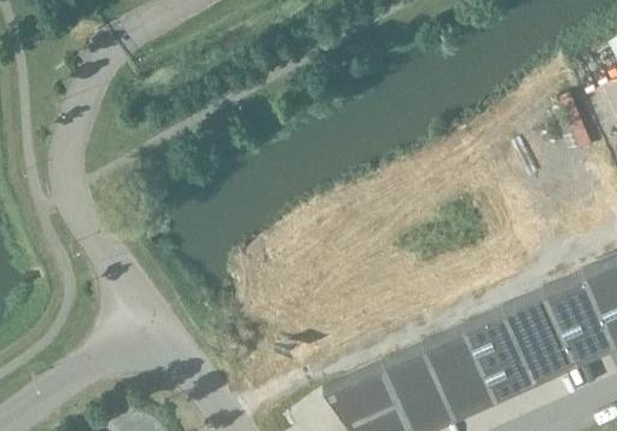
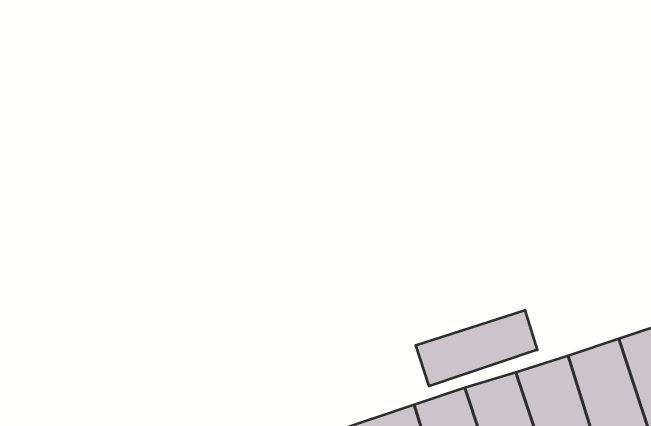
building: none -> [416,310,537,386]

